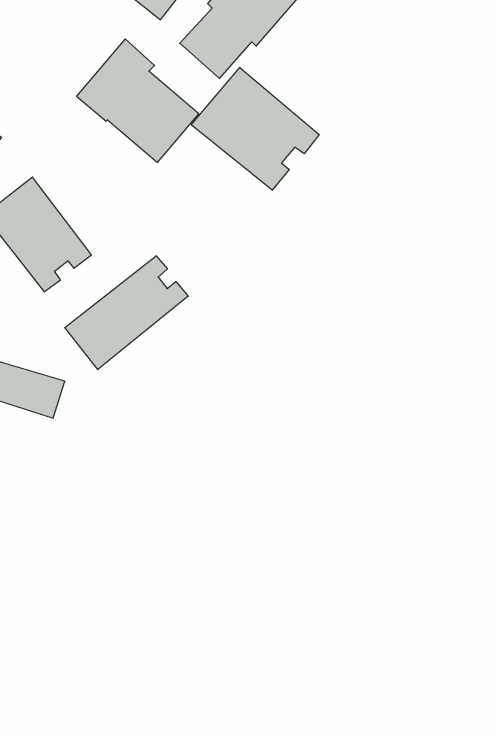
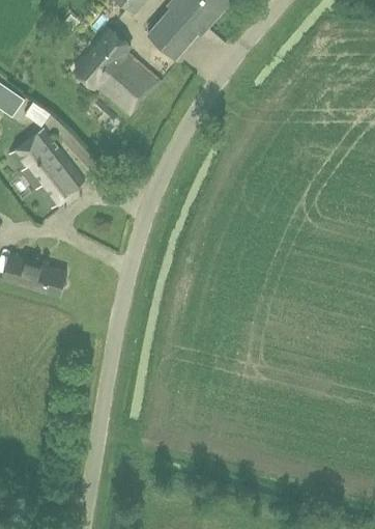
building: [191,67,319,190] -> none
building: [65,256,188,370] -> none

